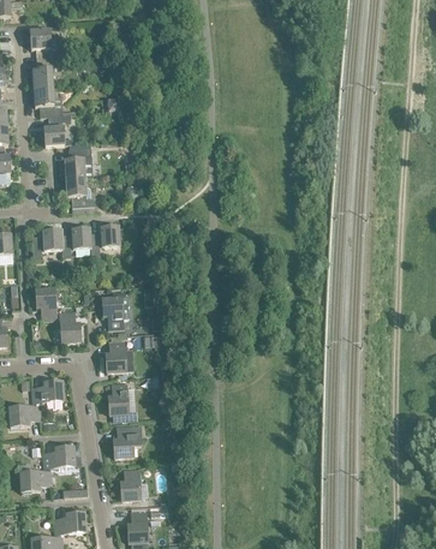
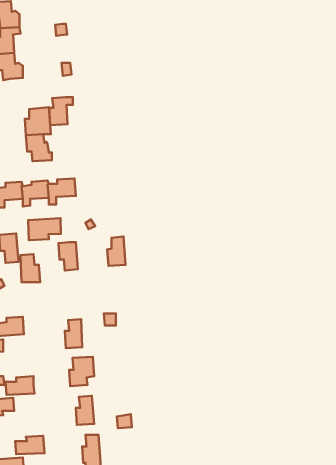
building: [43,114,70,145] -> [49,97,73,125]
building: none -> [28,218,61,240]
building: [104,339,125,371] -> [107,237,126,266]

